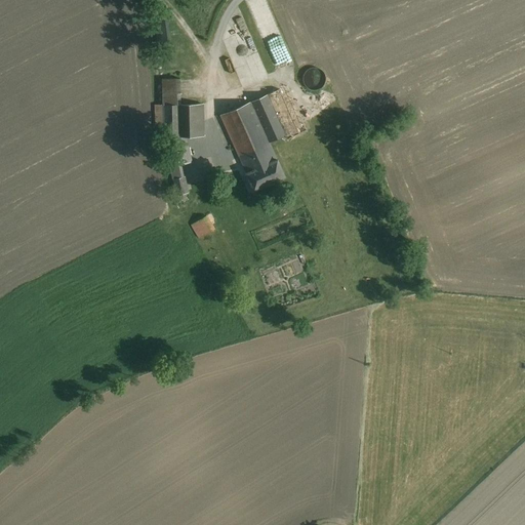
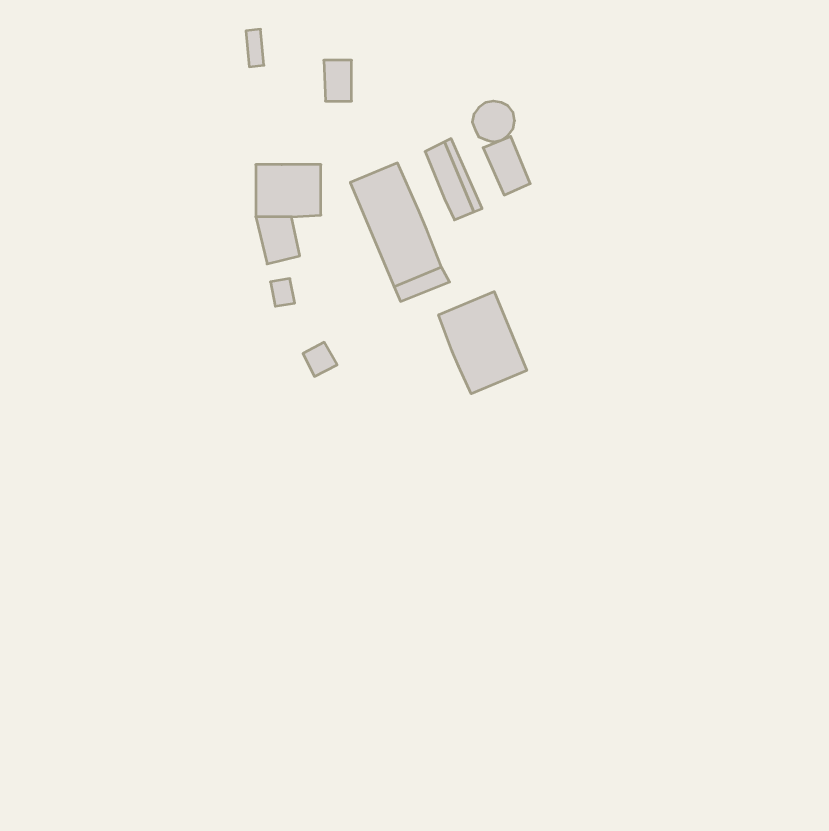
building: [160,78,177,104] -> [324,60,352,101]
building: [250,95,280,132] -> [483,136,530,195]
building: none -> [439,292,527,394]

